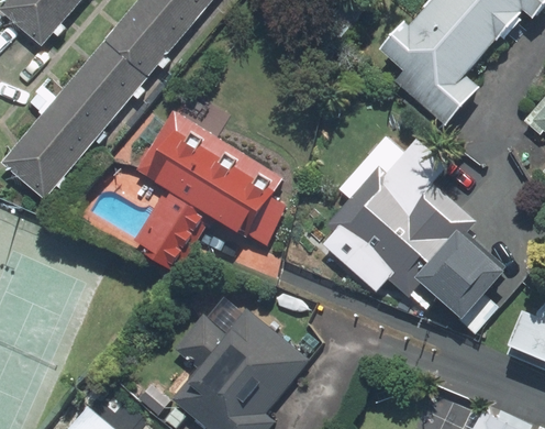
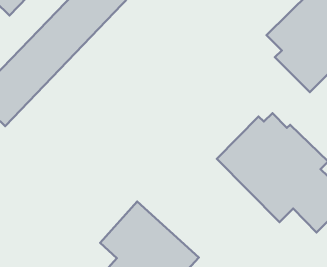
building: [141,113,291,275] -> none

